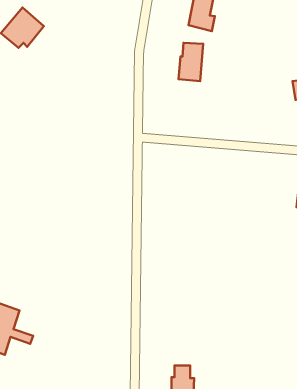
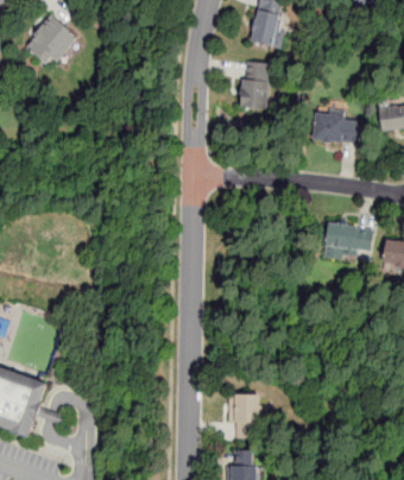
building: none -> [314,112,361,141]
building: none -> [323,222,371,251]
building: none -> [233,393,260,437]

